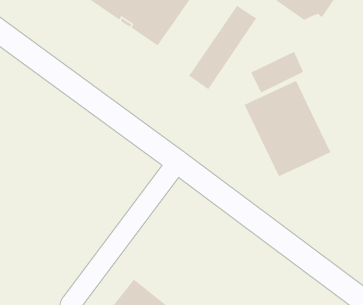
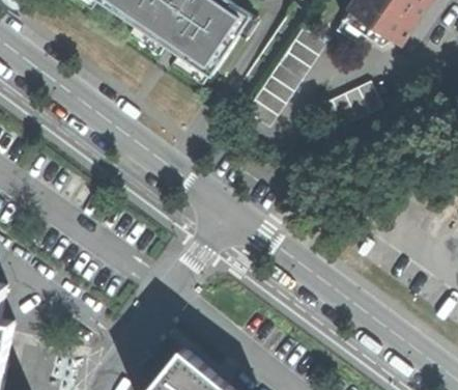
building: [244,80,331,177] -> none

